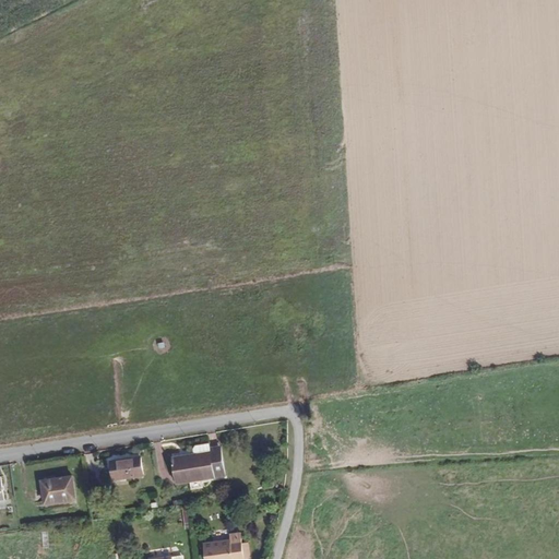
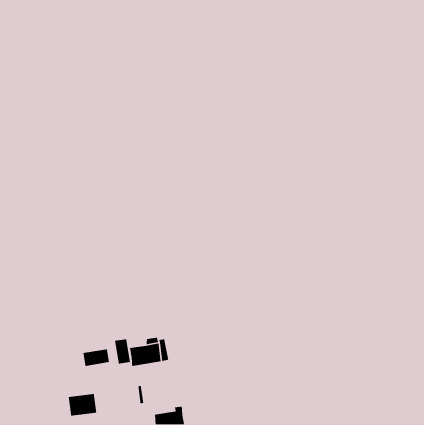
building: none -> [114,338,131,365]
building: [38,476,76,507] -> [68,393,97,417]

